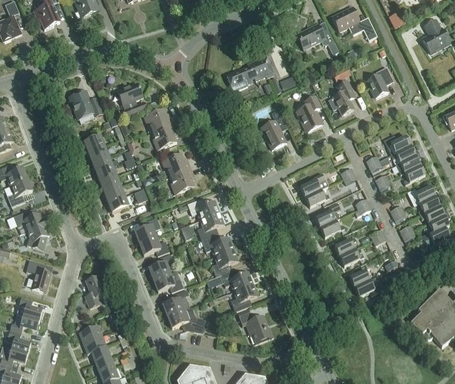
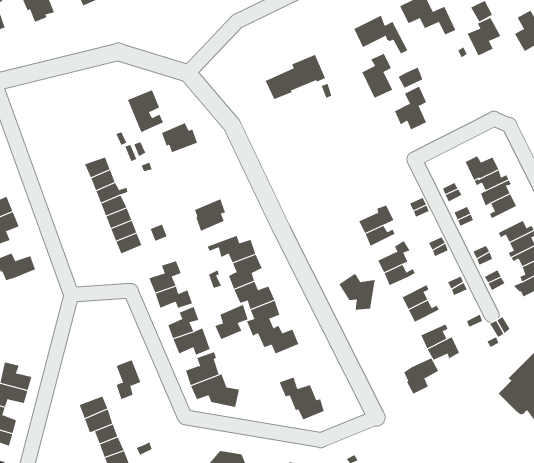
building: [367,66,394,97] -> [467,17,501,56]
building: [70,90,101,118] -> none
building: [297,95,322,131] -> [361,53,393,99]
building: [261,109,286,149] -> none
building: [152,124,177,149] -> none
building: [162,153,191,177] -> none
building: [26,224,49,249] -> none
building: none -> [338,273,376,310]
building: [25,259,50,292] -> none
building: [85,275,105,307] -> [116,359,141,400]
building: [230,283,257,311] -> [214,304,249,340]
building: none -> [403,357,439,395]

